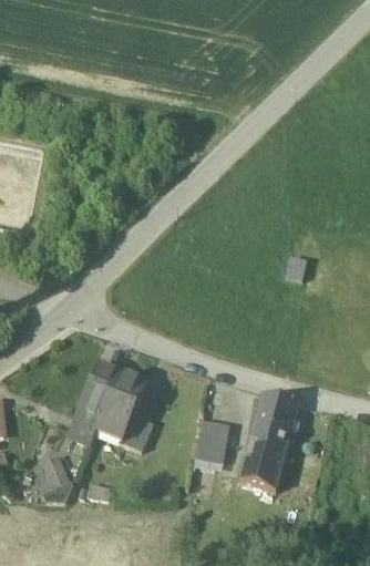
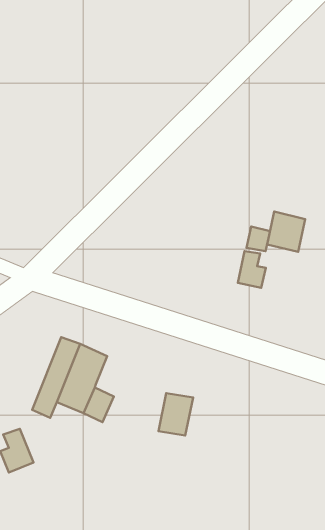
building: none -> [267,212,305,252]
building: none -> [238,251,266,288]
building: [240,393,300,487] -> none

